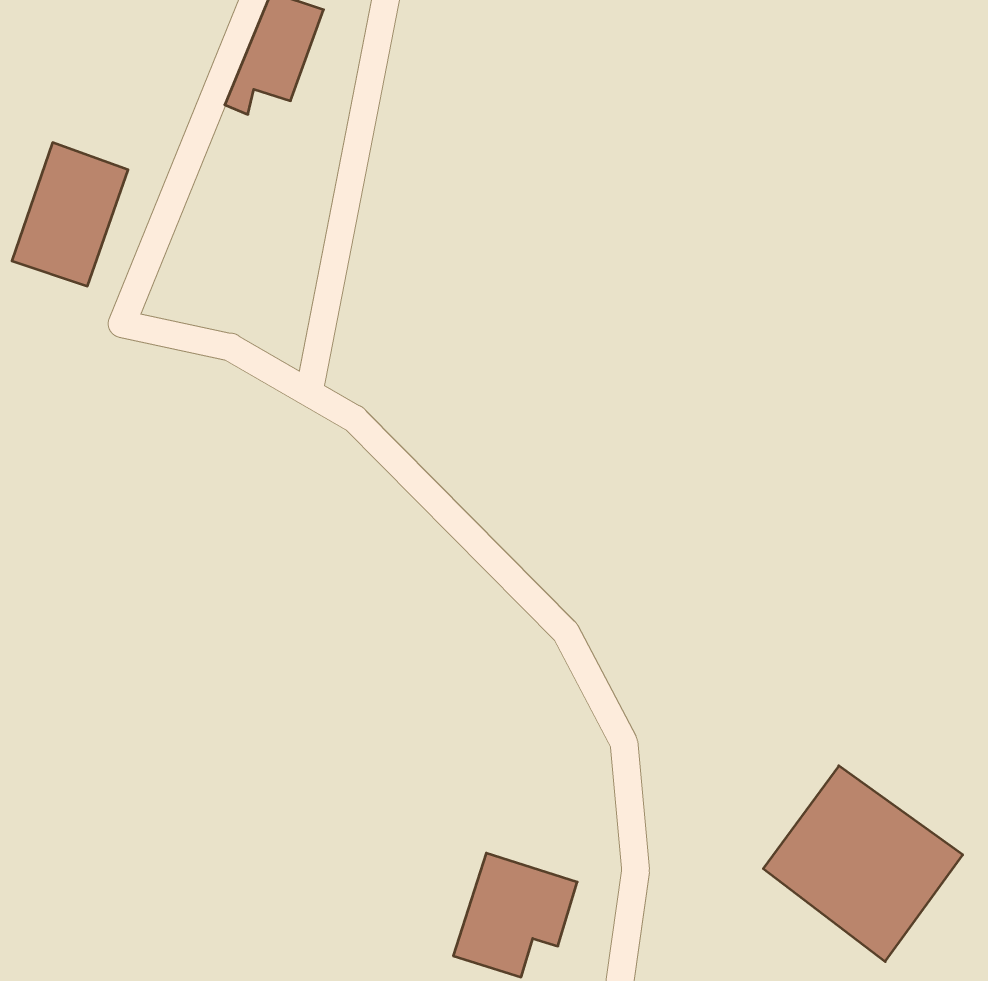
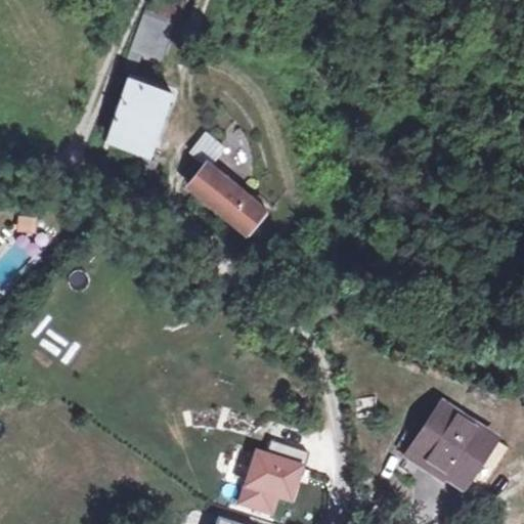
building: [12,143,128,286] -> [103,69,165,144]
building: none -> [181,151,265,226]

